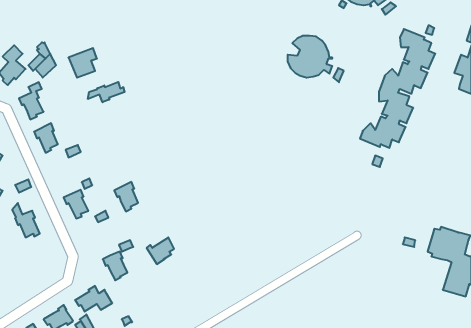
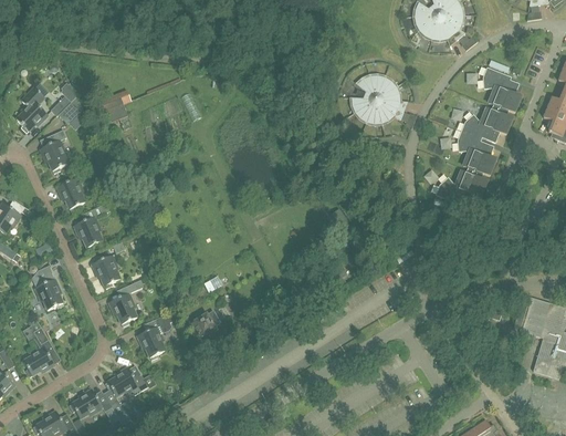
building: [88,82,125,102] -> none
building: none -> [74,215,103,249]
building: [114,182,138,211] -> [109,291,137,325]
building: none -> [23,326,57,375]

